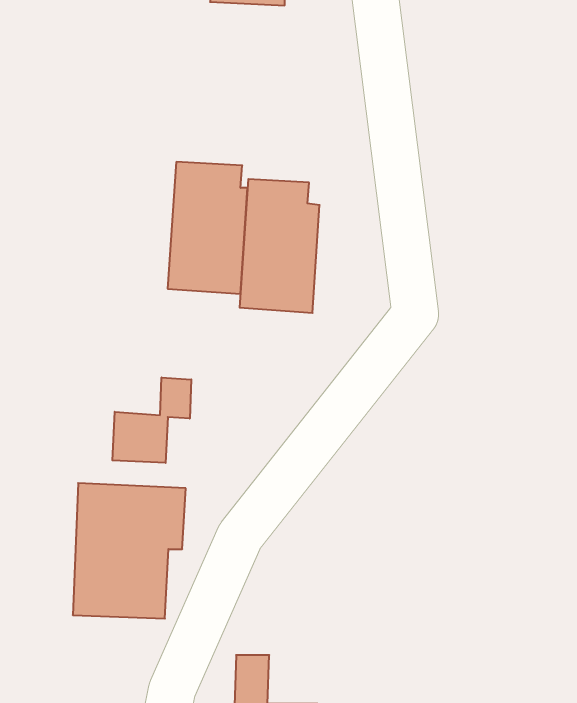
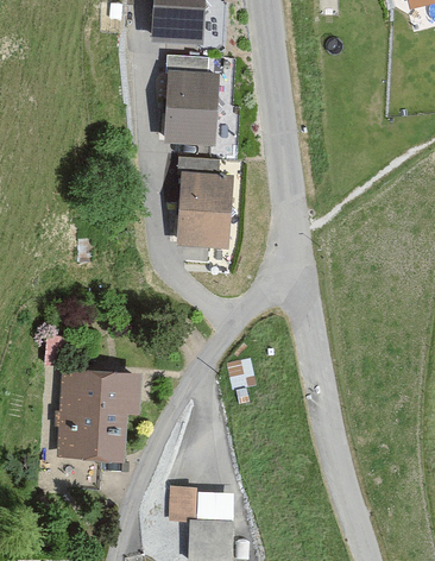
building: [168,162,247,294] -> [163,55,218,145]
building: [112,377,191,463] -> none

